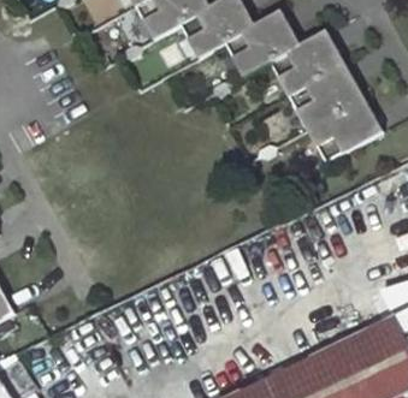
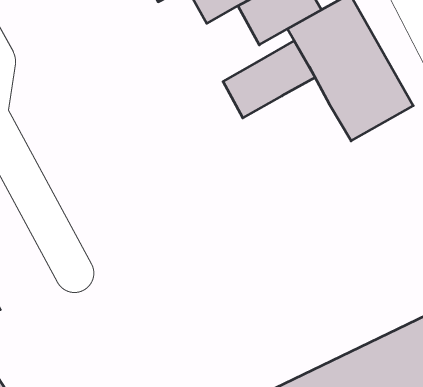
building: none -> [223,41,315,118]

